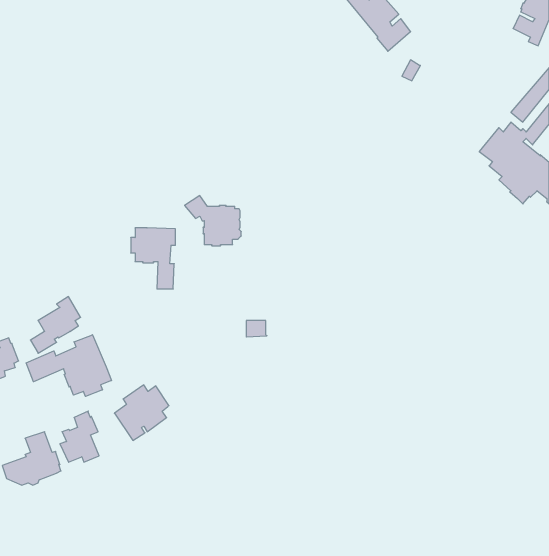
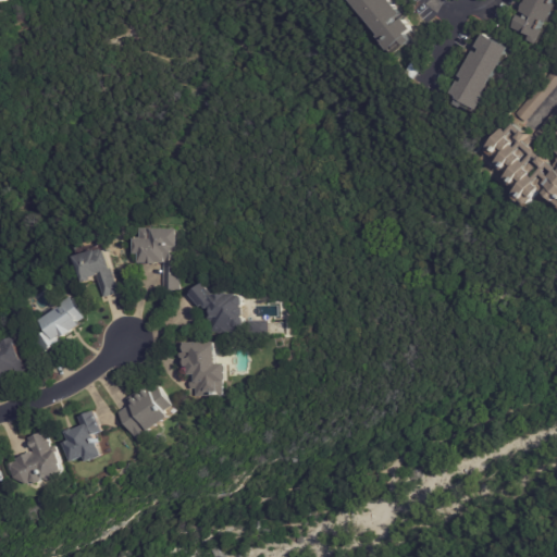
building: none -> [448,34,507,112]
building: [185,196,241,246] -> [185,283,242,333]
building: none -> [75,249,115,296]
building: [26,335,111,396] -> none
building: none -> [183,342,224,395]

